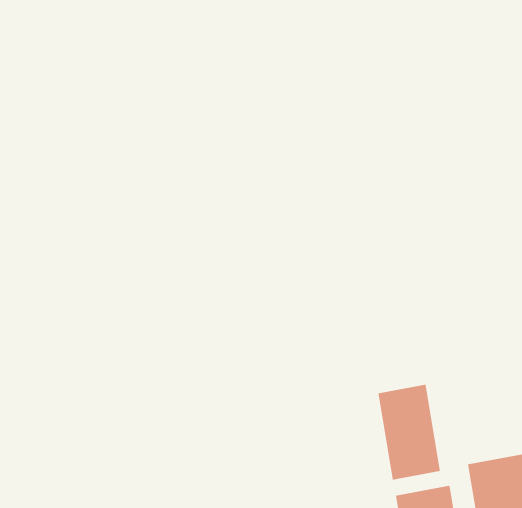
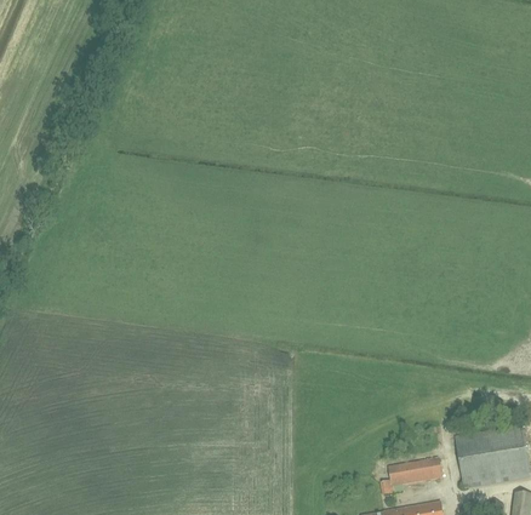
building: [378,384,441,481] -> none

